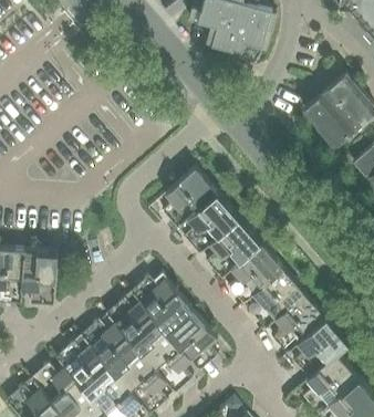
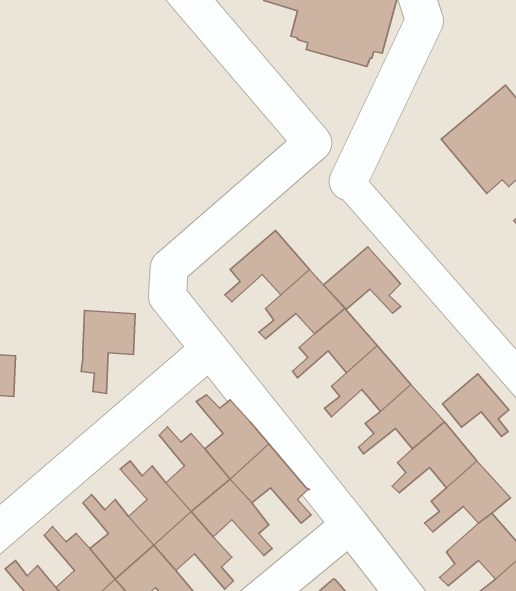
building: none -> [323,247,401,313]
building: [22,251,58,305] -> [81,310,135,393]
building: none -> [442,374,509,436]

